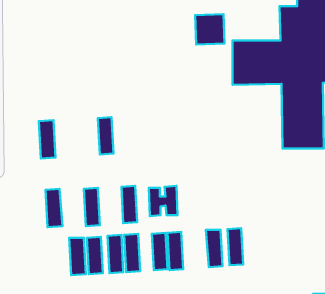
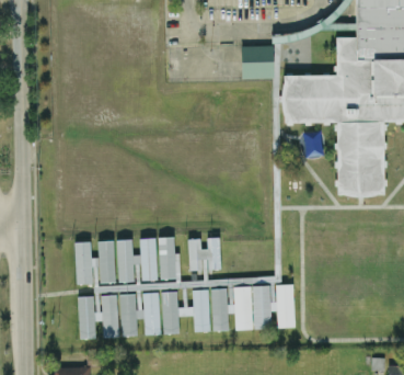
building: [98,117,114,155] -> [140,238,158,280]
building: [39,120,56,158] -> [97,240,116,283]
building: none -> [234,287,253,329]
building: none -> [78,296,96,338]

